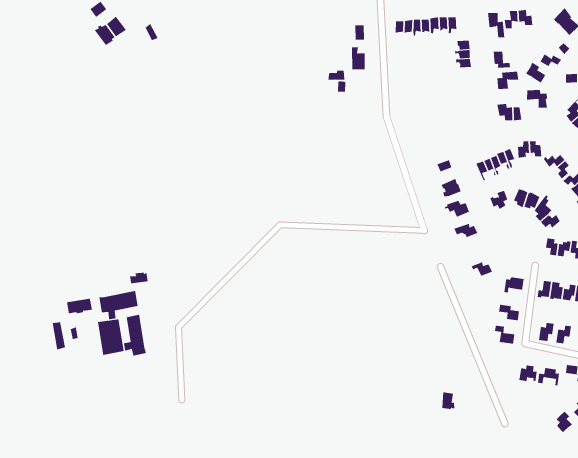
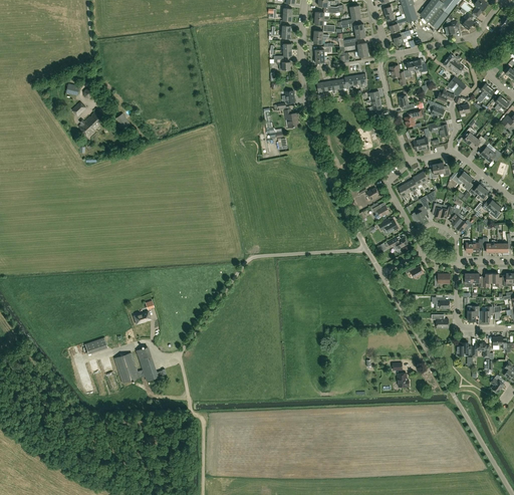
building: [99,290,138,320] -> none

